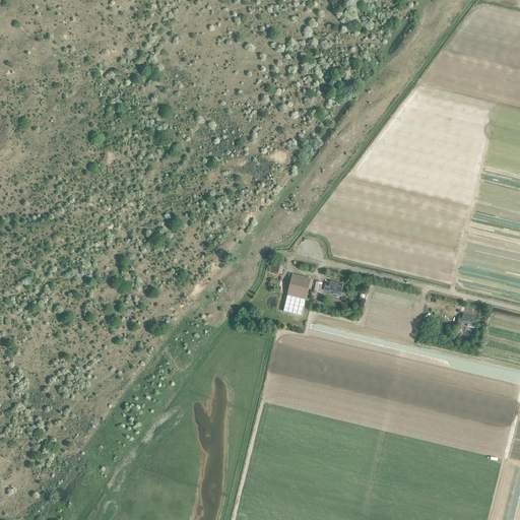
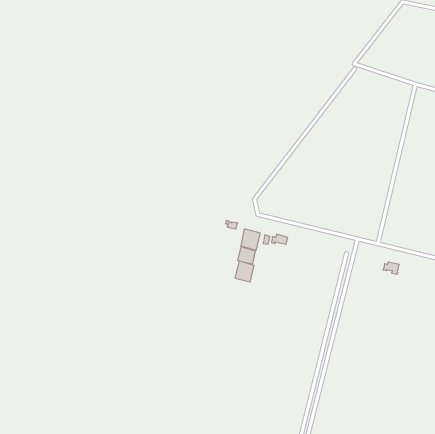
building: none -> [235,261,254,282]

